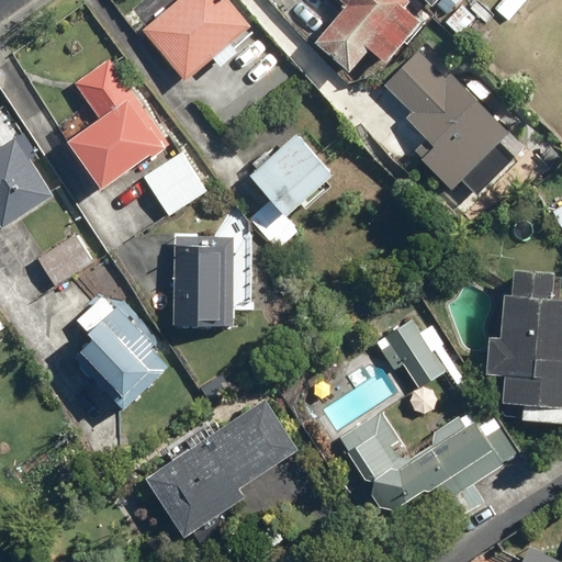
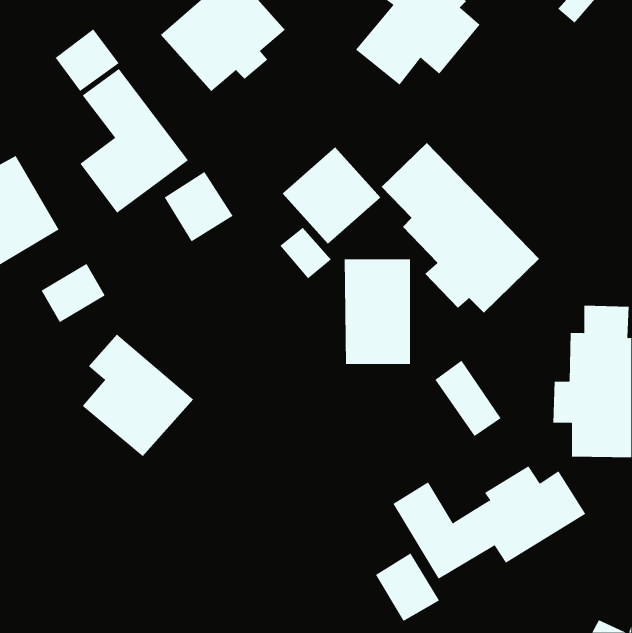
building: none -> [55,28,119,92]
building: [383,43,524,194] -> [381,142,540,314]
building: [173,235,233,328] -> [344,259,411,364]
building: [144,397,301,538] -> none
building: none -> [375,553,440,622]

